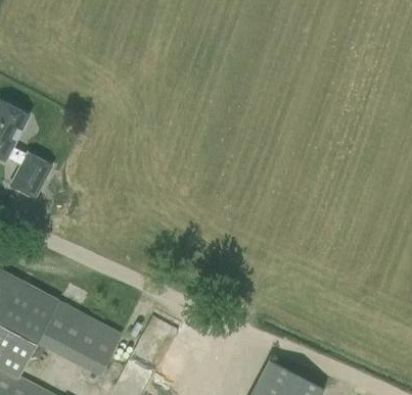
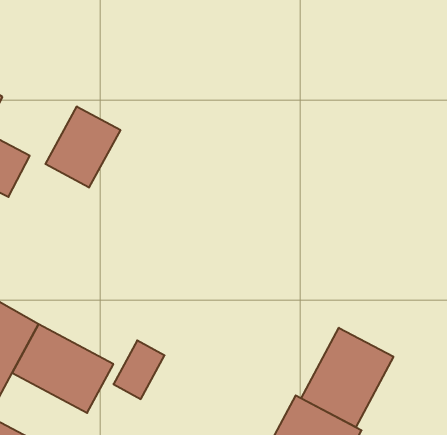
building: none -> [45,106,120,188]
building: none -> [301,328,393,427]

